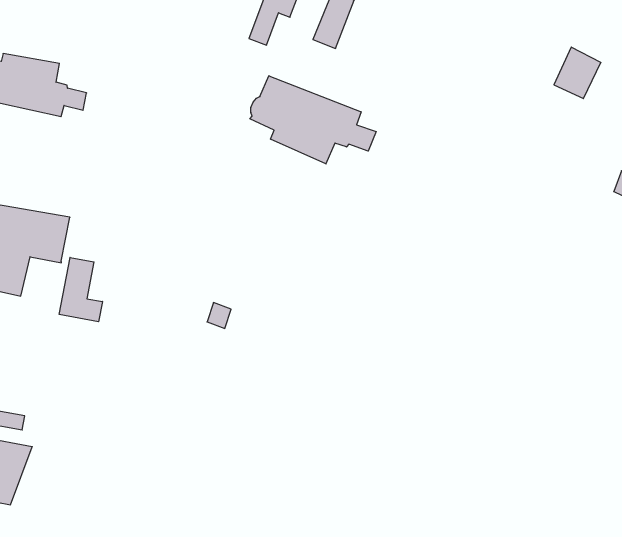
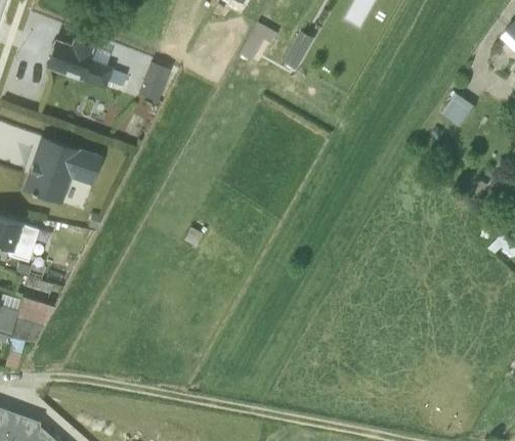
building: none -> [139,62,169,100]
building: [250,76,376,164] -> none
building: [59,257,102,322] -> none

